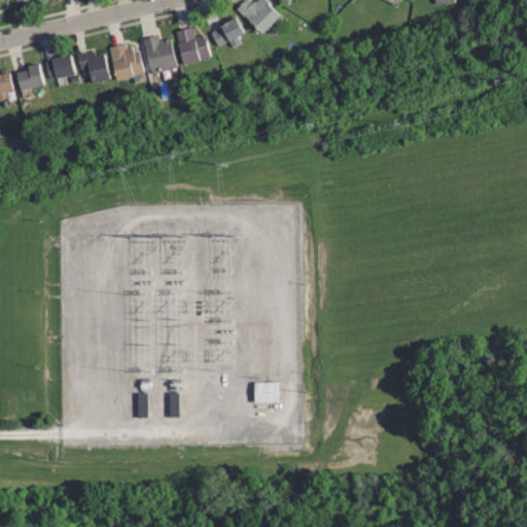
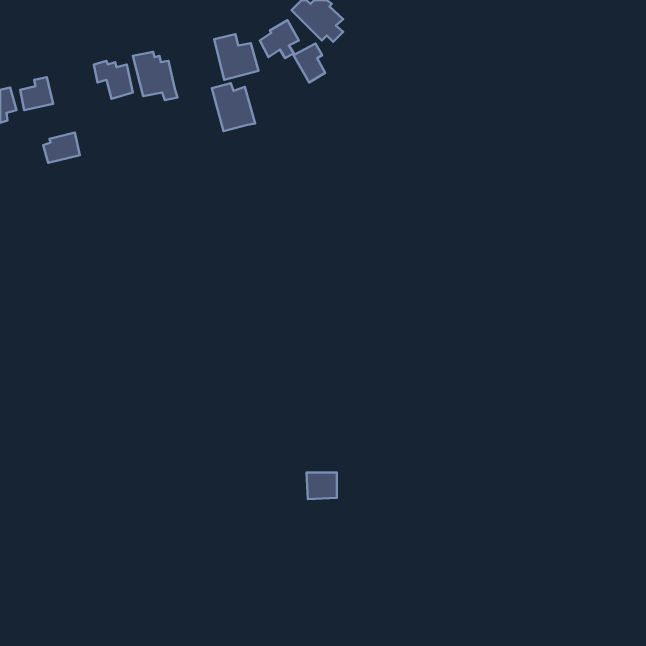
building: [142,32,177,71] -> [212,83,255,131]
building: none -> [294,43,325,82]
building: [44,54,74,78] -> [43,133,80,163]

